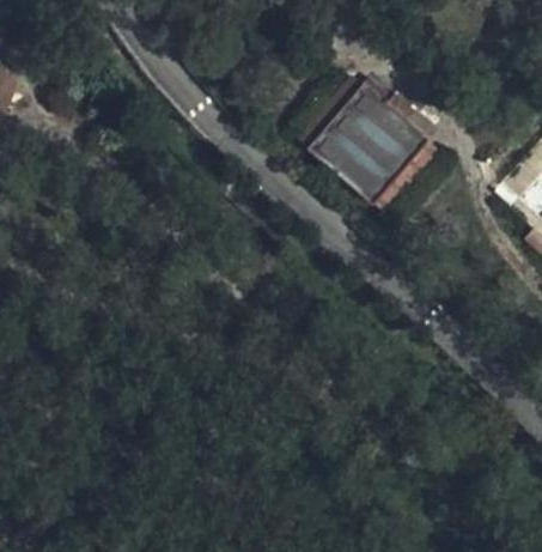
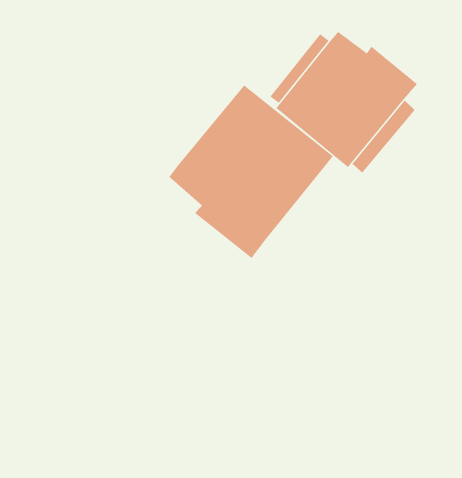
building: none -> [169,84,333,259]

